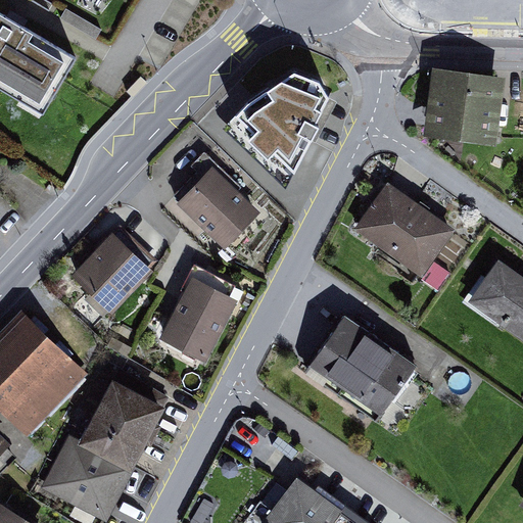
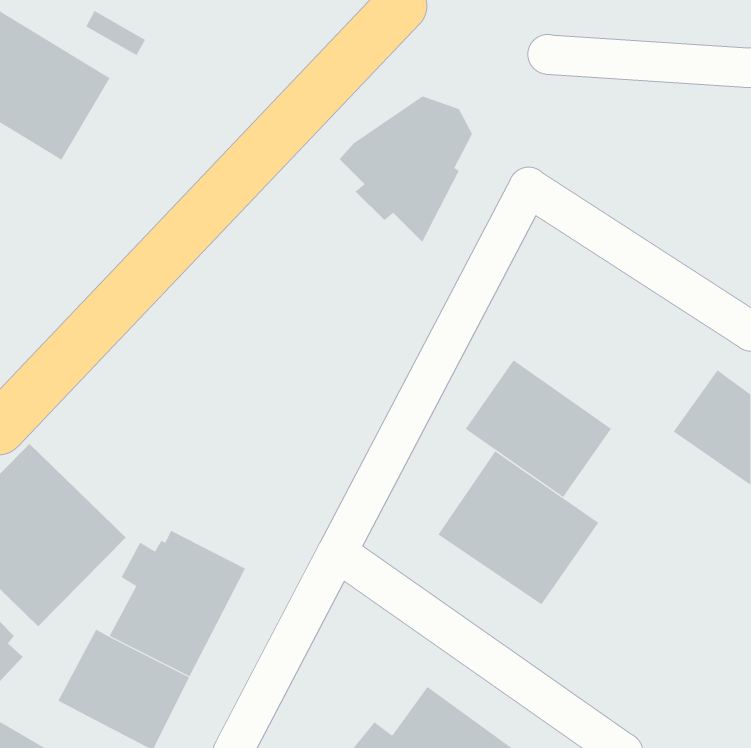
building: [423,67,506,145] -> none
building: [173,153,259,250] -> none
building: [352,183,455,279] -> [465,360,612,498]
building: [72,227,156,315] -> none
building: [159,266,237,363] -> none

